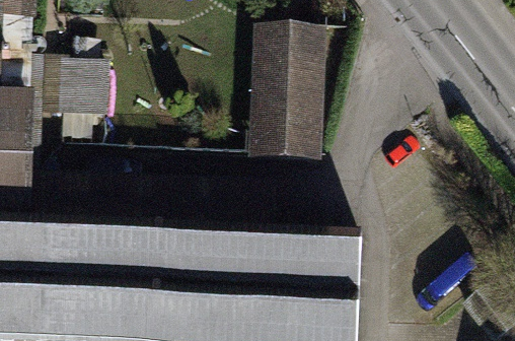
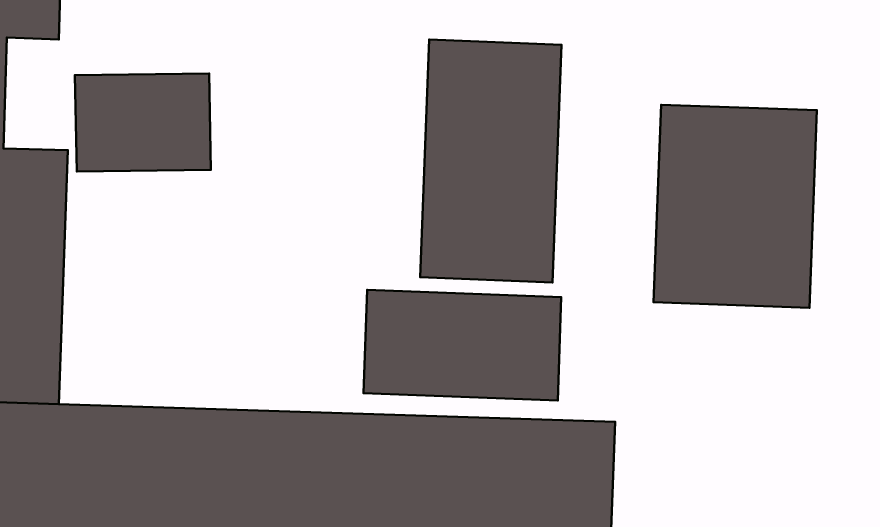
building: none -> [654,105,817,308]
building: none -> [363,290,561,401]

